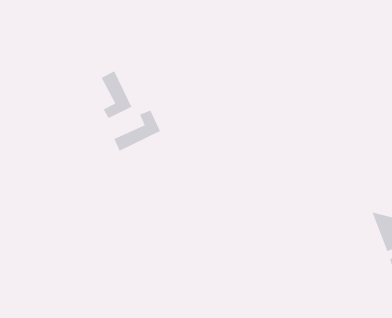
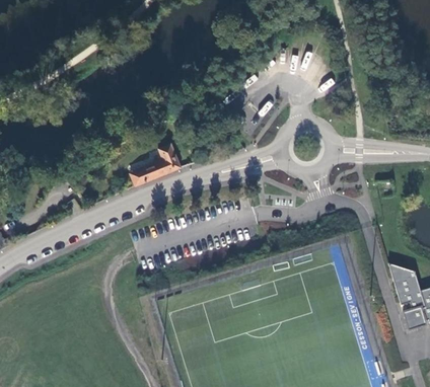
building: [101,70,132,119] -> none

